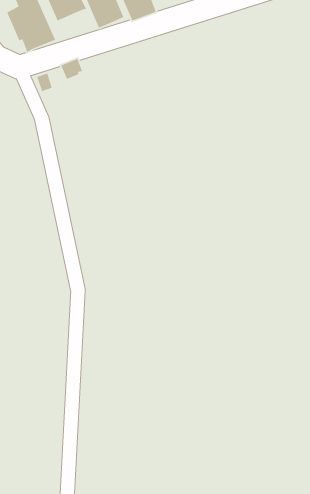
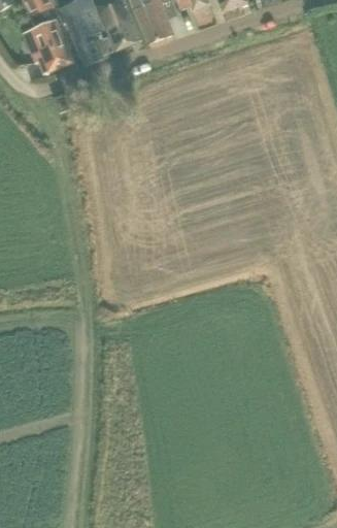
building: none -> [75,27,114,60]

